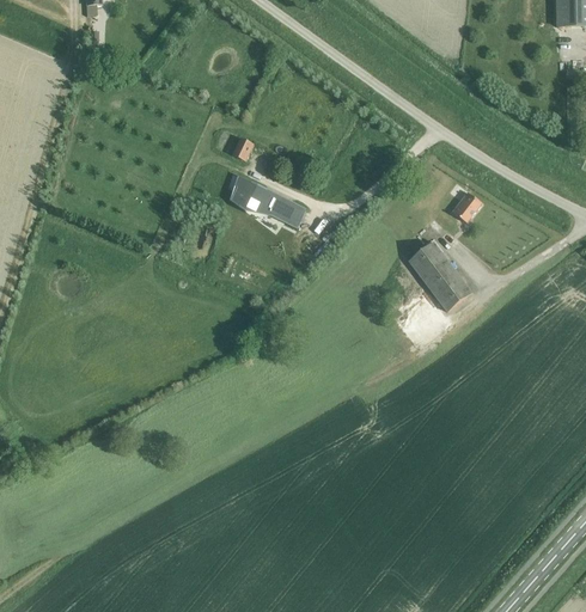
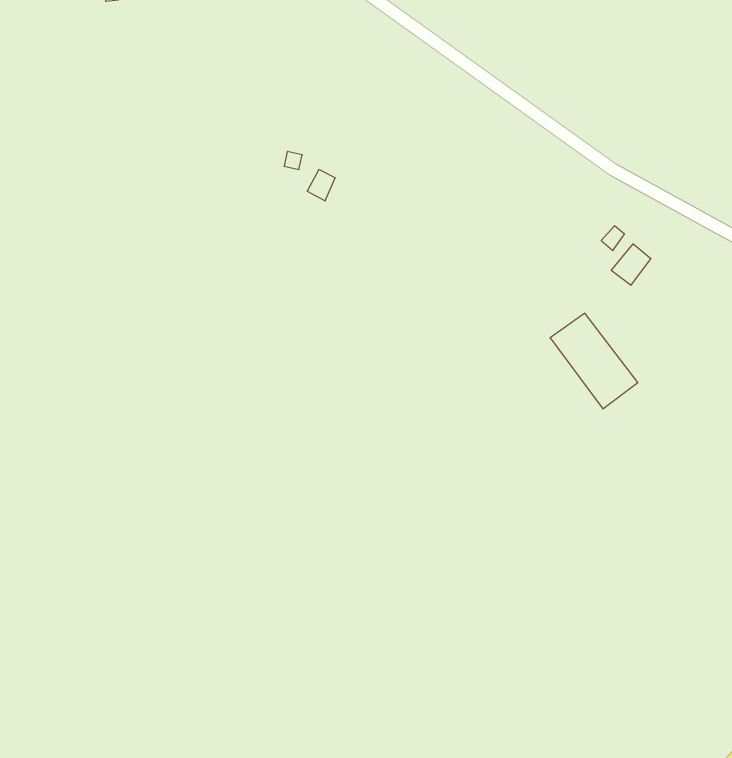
building: [230,173,297,225] -> none

